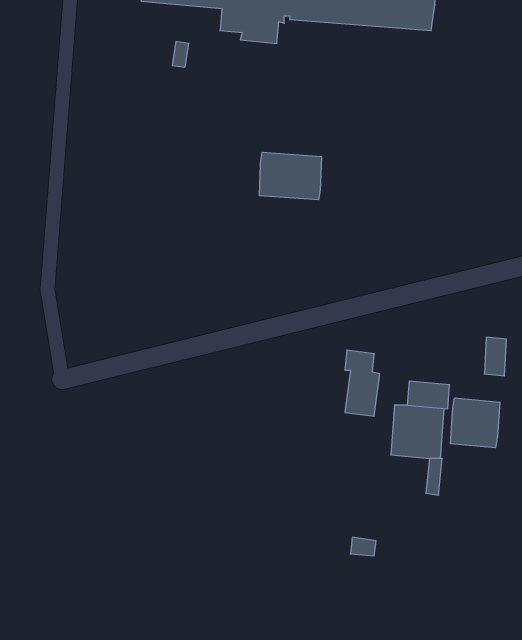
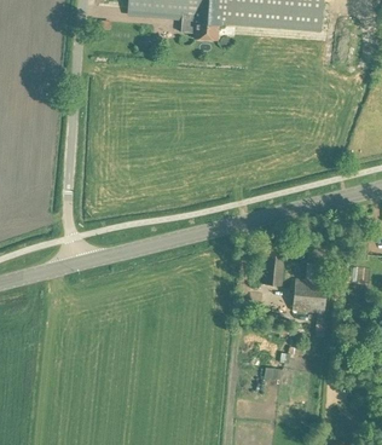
building: [259,152,321,200] -> none
building: [450,398,500,448] -> none

